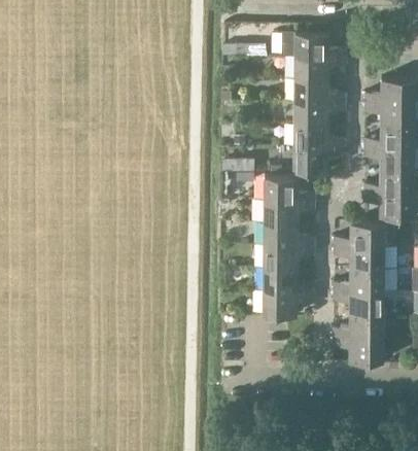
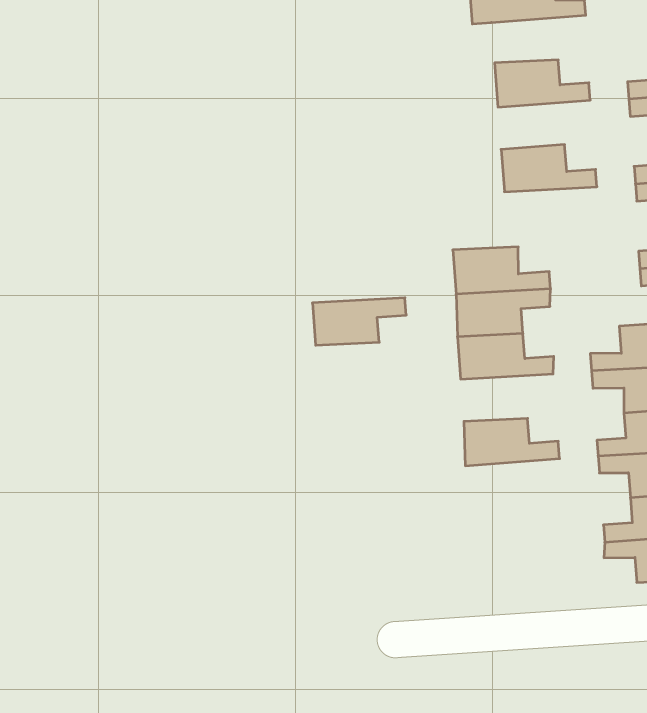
building: [294,58,345,80] -> none
building: [294,103,344,126] -> none
building: [293,148,344,172] -> none
building: [264,246,313,270] -> [312,298,406,345]
building: [263,292,313,315] -> none

